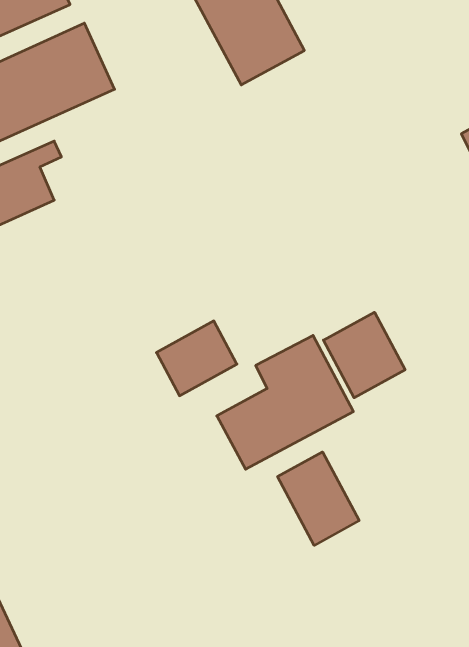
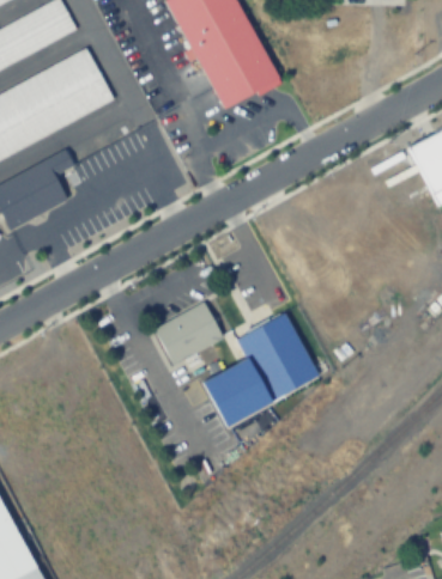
building: [323,312,405,398] -> none
building: [278,452,359,545] -> none

